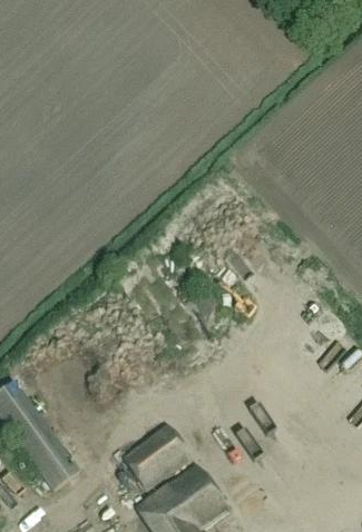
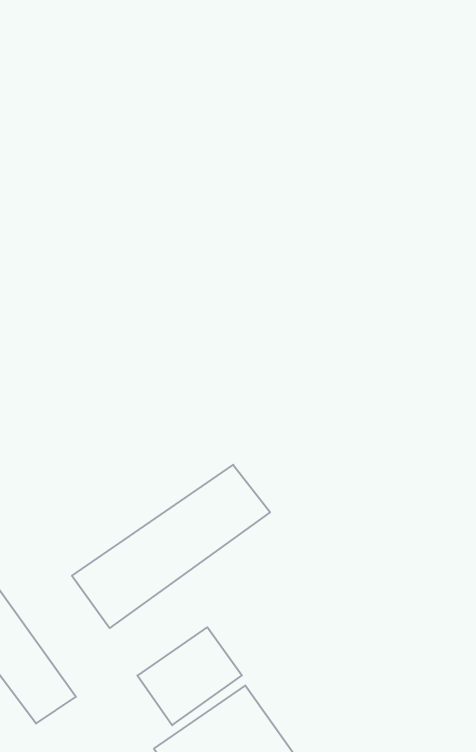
building: none -> [72,465,270,628]

